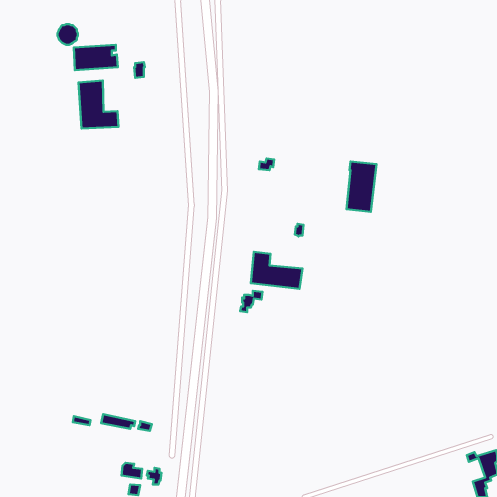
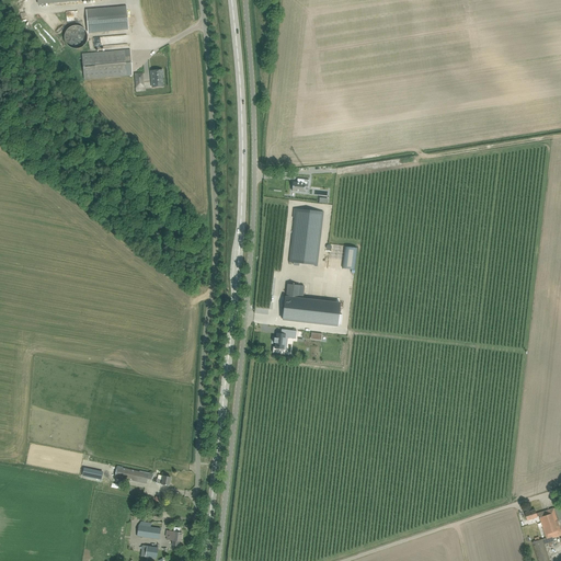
building: none -> [96,5,129,31]
building: [78,80,118,129] -> none
building: [346,161,377,212] -> [289,208,323,265]

